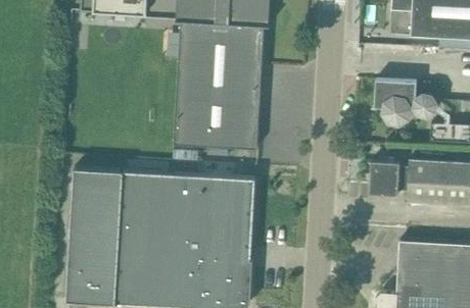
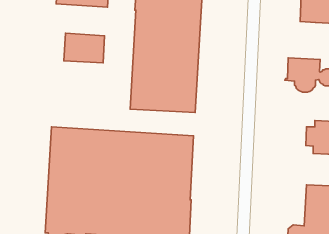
building: none -> [64,33,105,63]
building: [370,161,400,196] -> none

